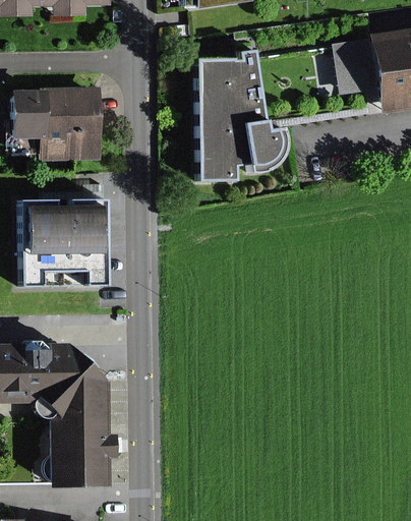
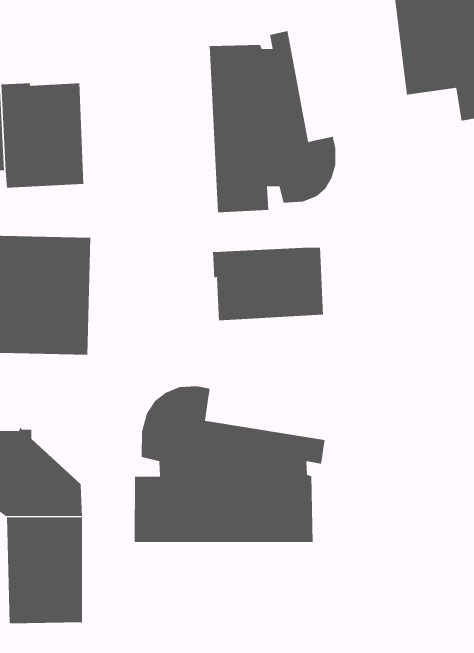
building: none -> [212,247,323,321]
building: none -> [134,385,325,543]

